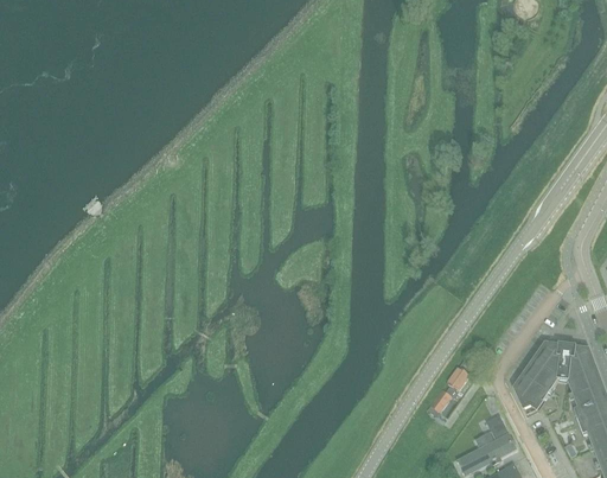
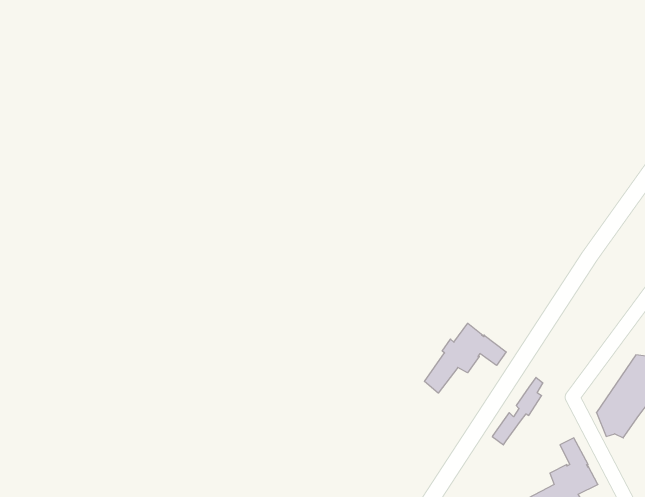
building: none -> [424,323,506,393]

